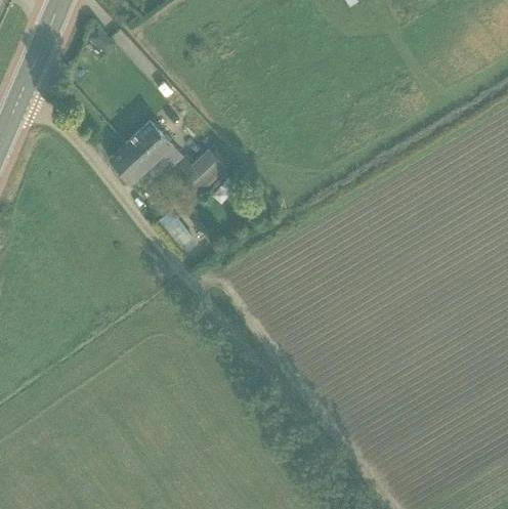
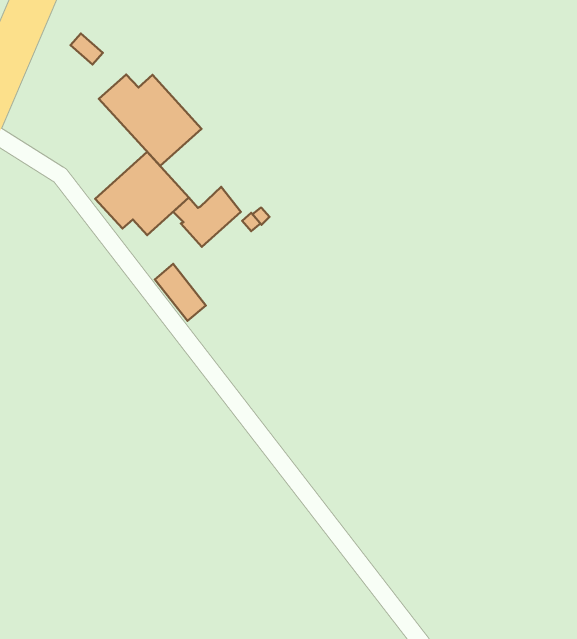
building: none -> [99,74,201,166]

